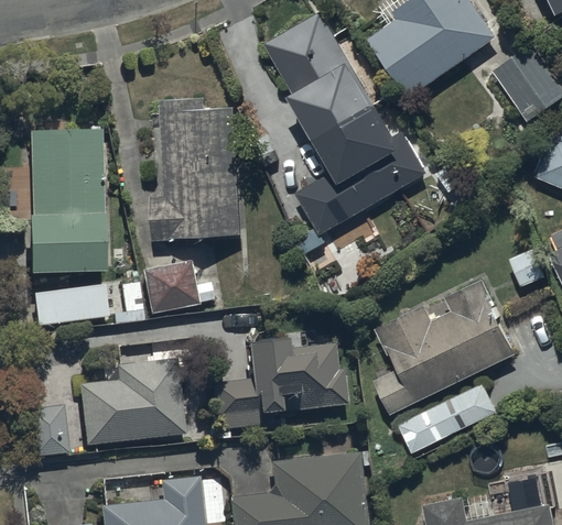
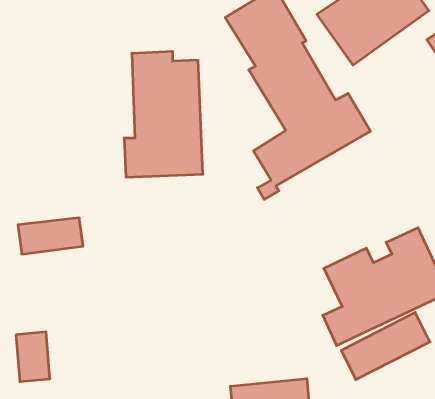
building: [28,113,101,262] -> none
building: [141,253,213,307] -> none
building: [214,346,348,431] -> none
building: [80,361,184,448] -> none

